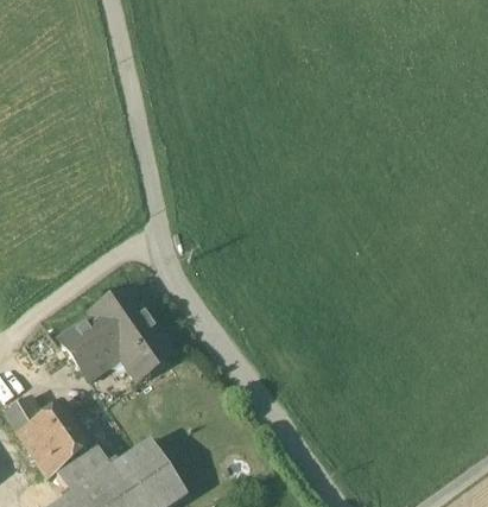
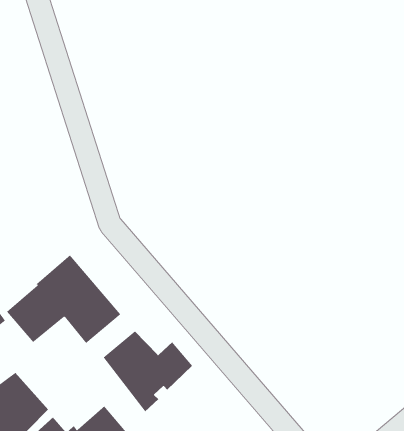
building: none -> [103,331,193,412]

